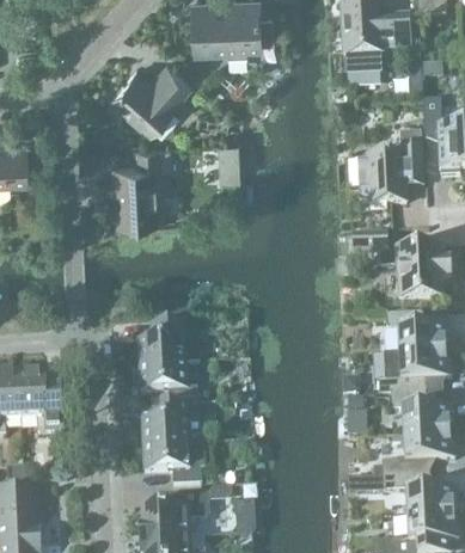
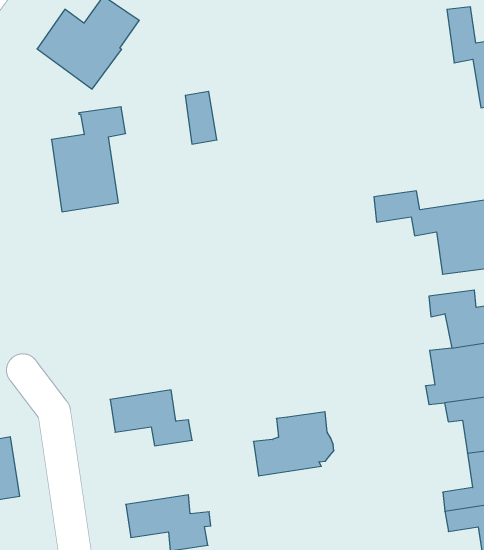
building: [359,128,422,199] -> none
building: [139,319,201,362] -> none
building: [142,399,202,442] -> [253,412,334,476]

